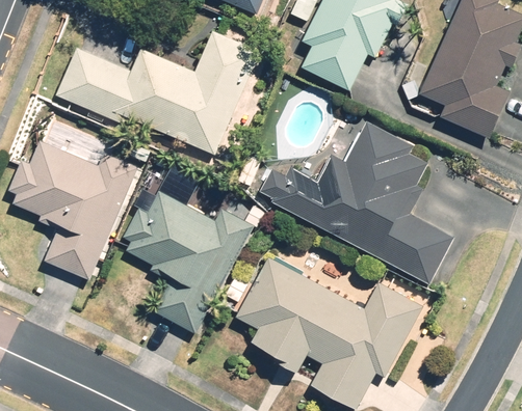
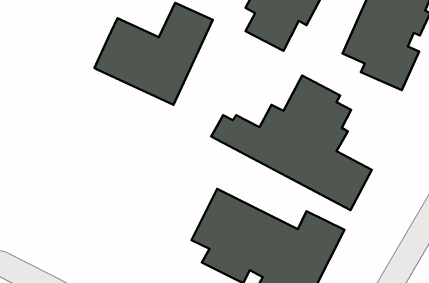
building: [54,48,133,124] -> none
building: [8,141,137,277] -> none
building: [122,190,251,333] -> none

